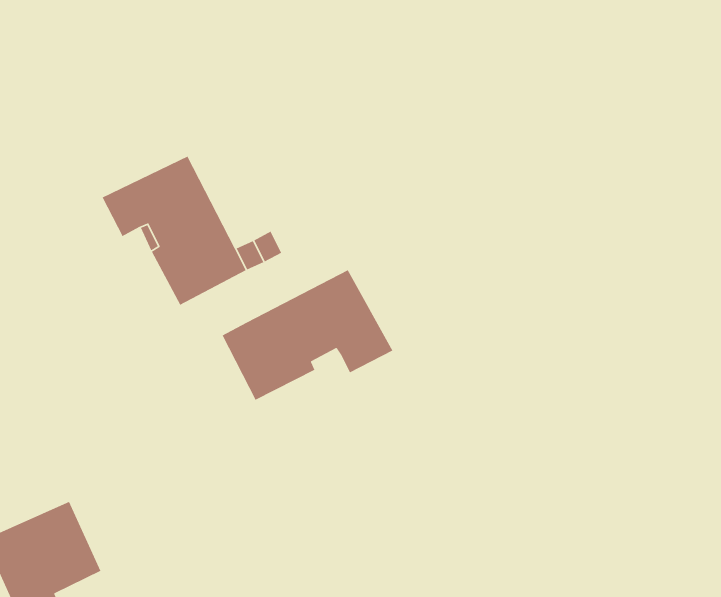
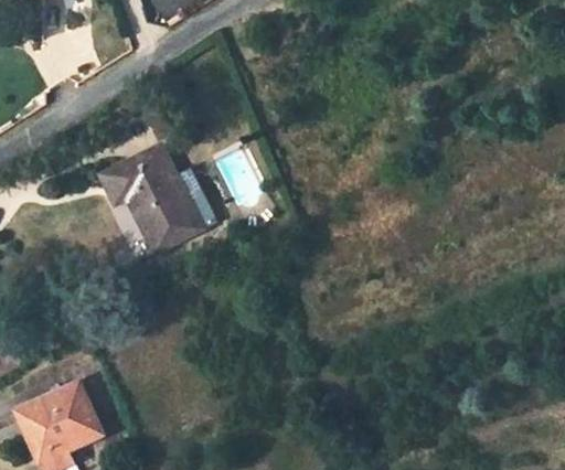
building: [221,269,394,401] -> none

